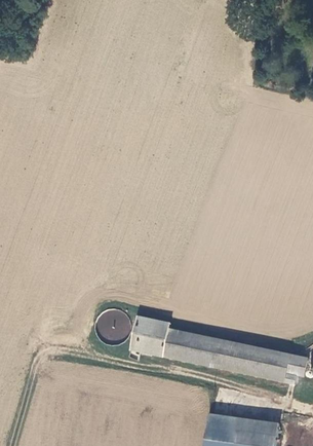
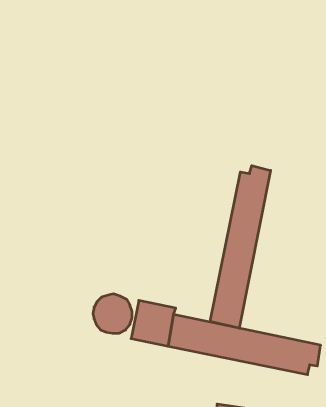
building: none -> [210,166,271,328]

